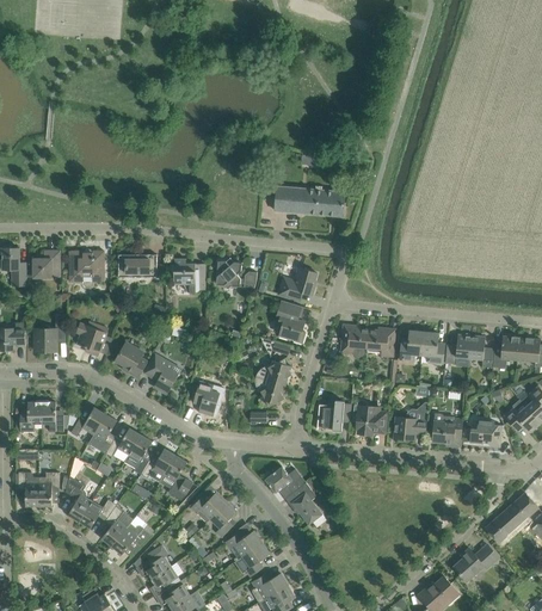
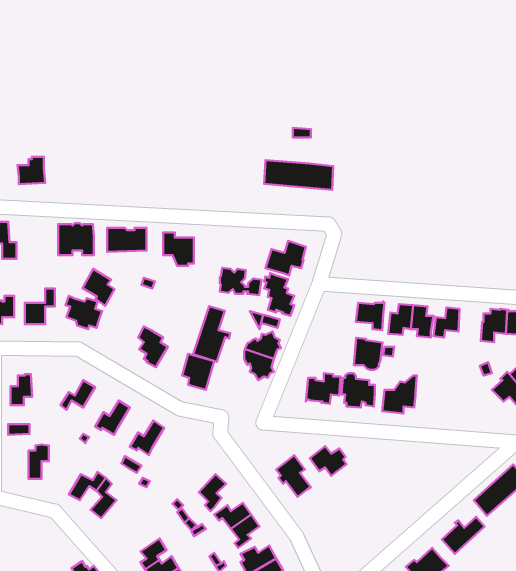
building: [32,251,60,278] -> [18,157,45,184]
building: [215,260,257,288] -> [220,268,261,295]
building: [340,325,369,357] -> [354,338,382,370]
building: none -> [193,306,230,362]
building: [469,335,493,368] -> none
building: [115,341,147,378] -> [82,269,115,306]
building: [41,401,63,432] -> none
building: [431,413,462,443] -> none
building: [87,414,116,453] -> none
building: [469,419,501,446] -> none
building: [124,434,152,474] -> none
building: [162,455,192,500] -> none
building: [265,467,302,496] -> [310,446,347,476]
building: [18,471,38,506] -> none
building: [64,471,91,521] -> none
building: [190,492,226,523] -> none
building: [111,523,149,554] -> none
building: [133,544,170,579] -> none

